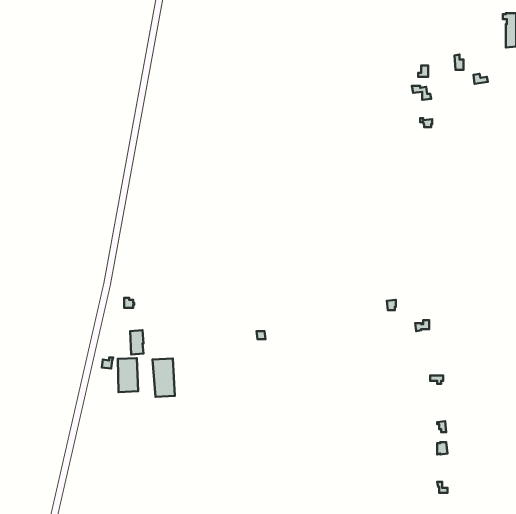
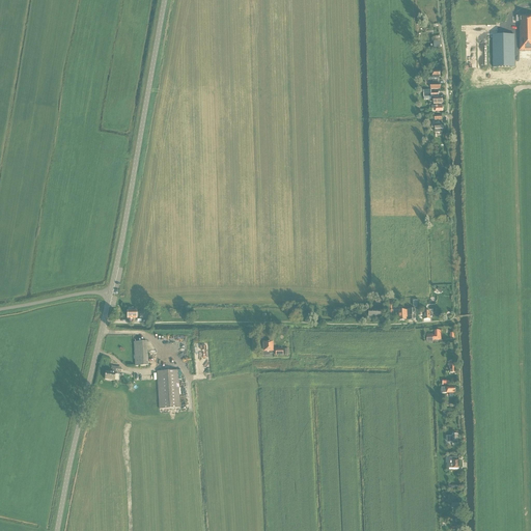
building: none -> [493,33,515,65]
building: [118,358,138,392] -> none

